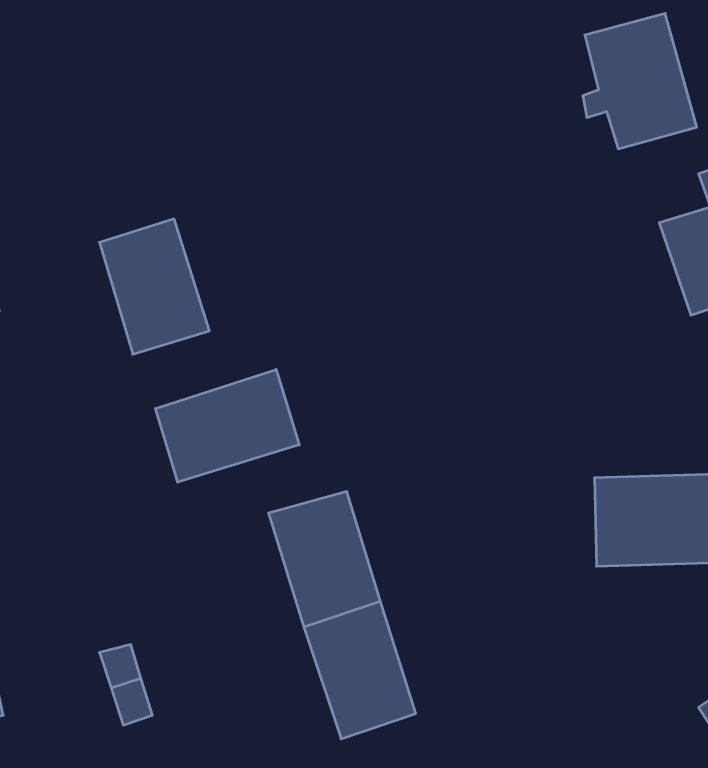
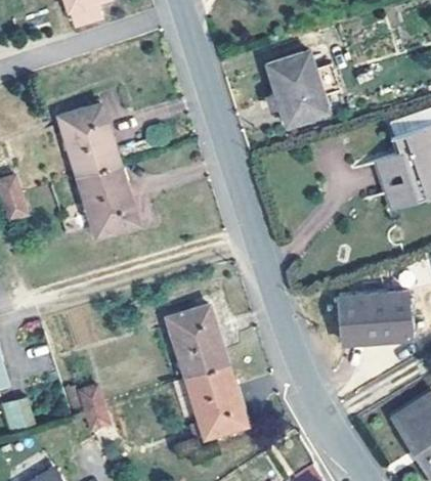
building: [583,13,697,149] -> [263,53,322,124]
building: none -> [61,103,119,175]
building: [156,369,299,482] -> none

